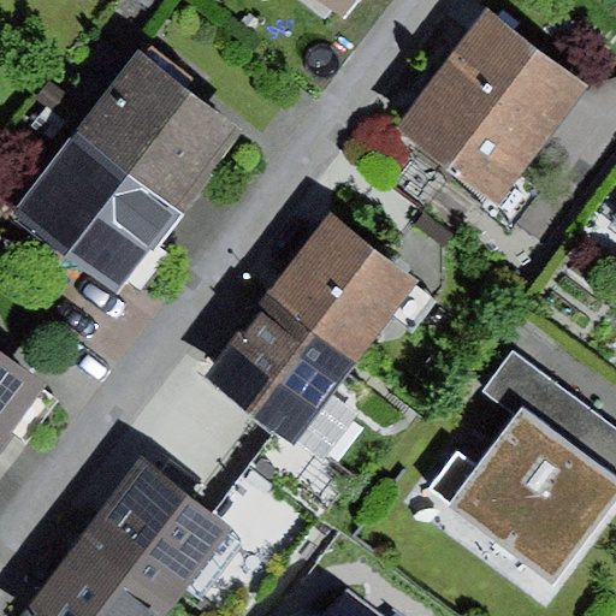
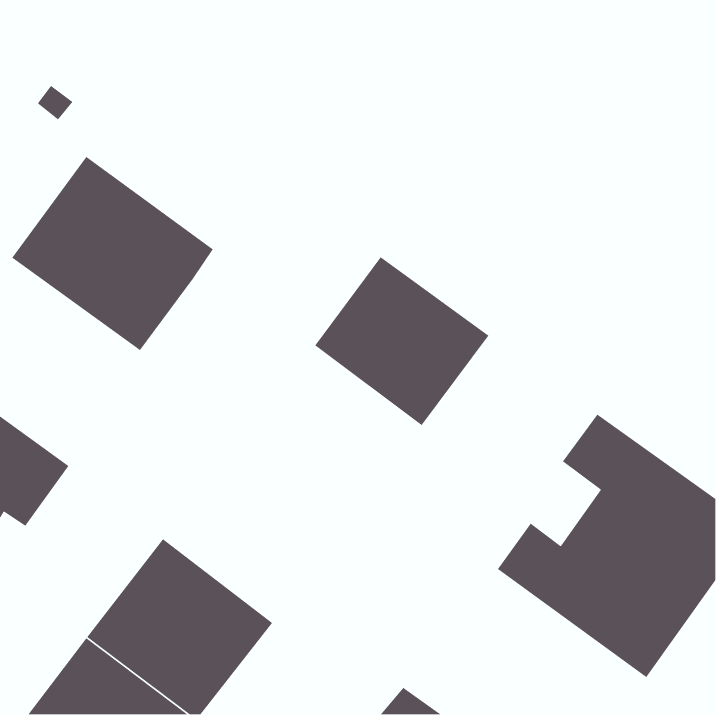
building: [409,18,597,208] -> none
building: [73,53,239,212] -> none
building: [205,294,359,445] -> none

